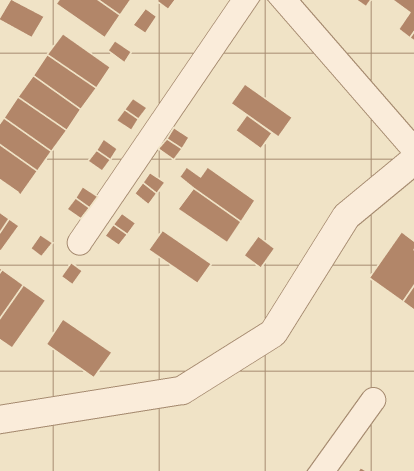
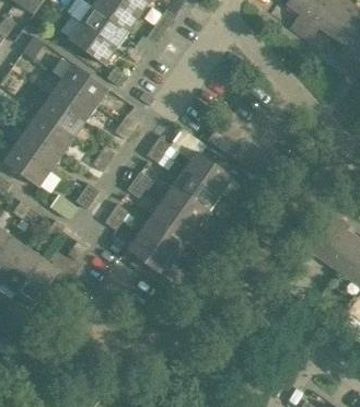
building: [231,84,293,137] -> [185,151,233,193]
building: none -> [150,199,200,242]
building: [46,319,112,378] -> [126,231,177,277]

